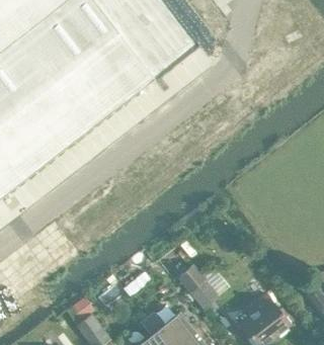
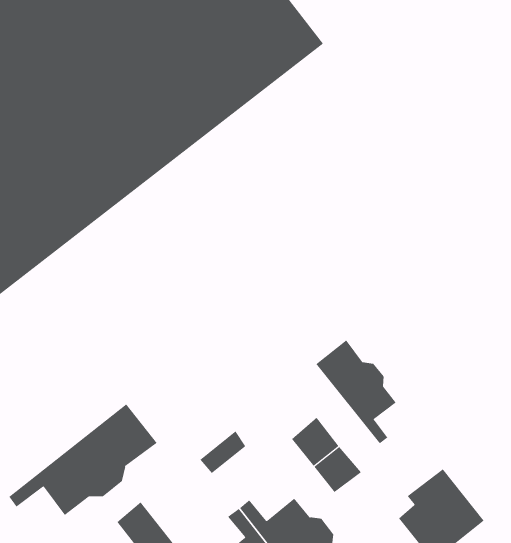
building: none -> [316,340,396,444]
building: none -> [9,403,158,516]

